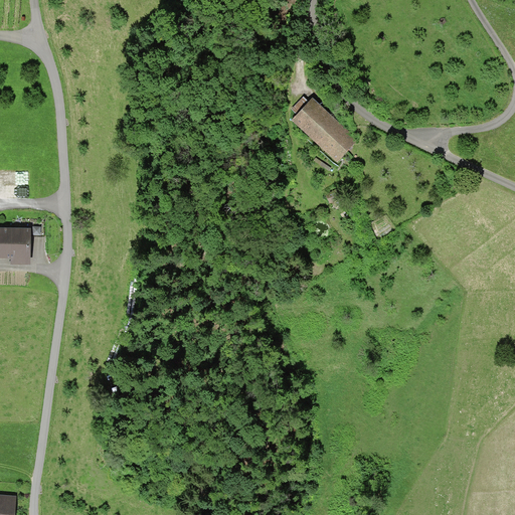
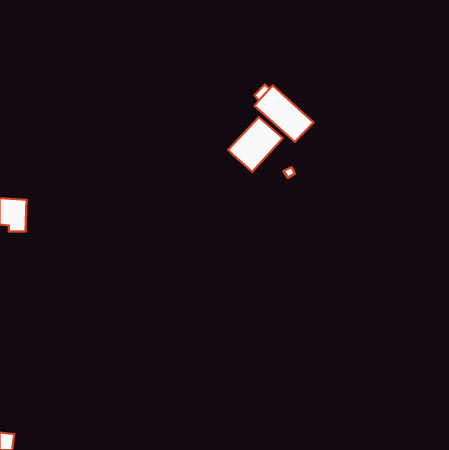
building: none -> [228,117,283,172]

